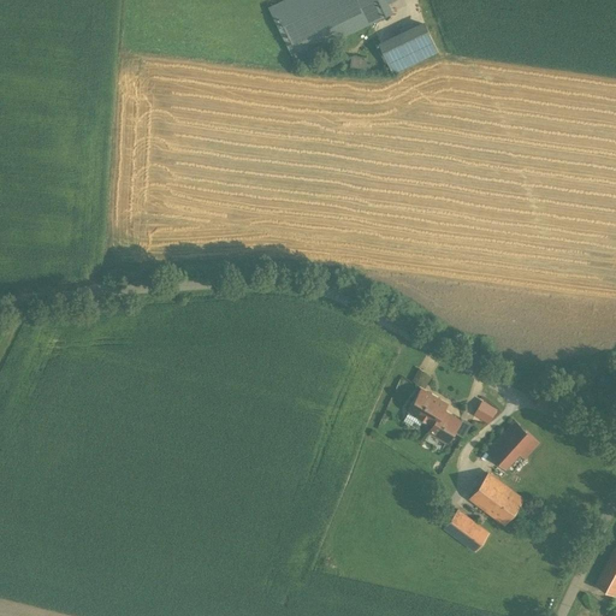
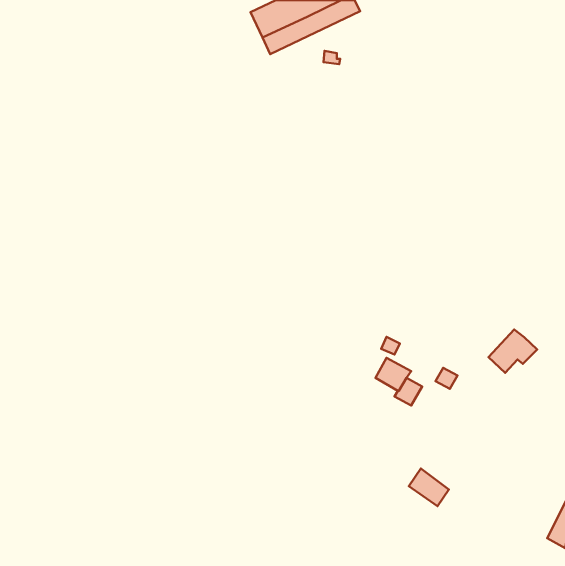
building: [381,24,438,71] -> none
building: [487,421,540,468] -> [489,329,537,373]
building: [470,473,531,523] -> none

